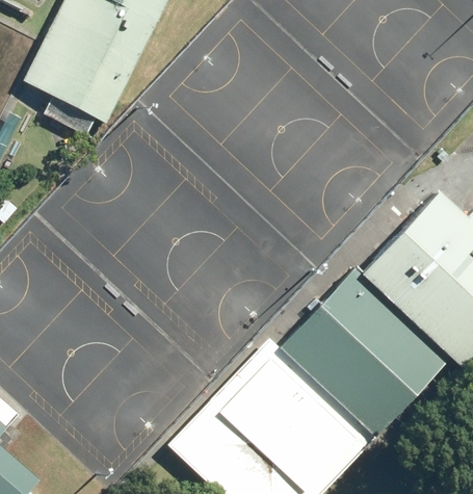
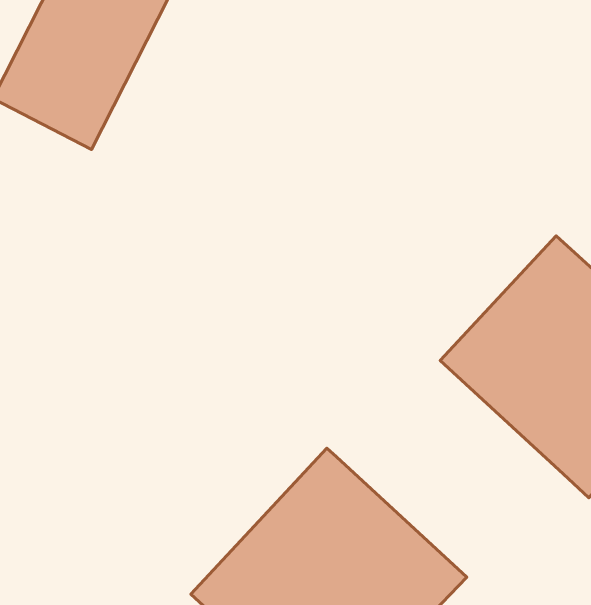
building: [281,271,447,436] -> none

